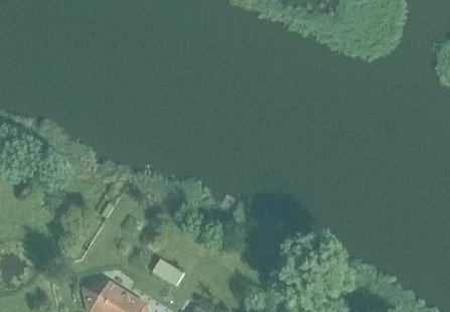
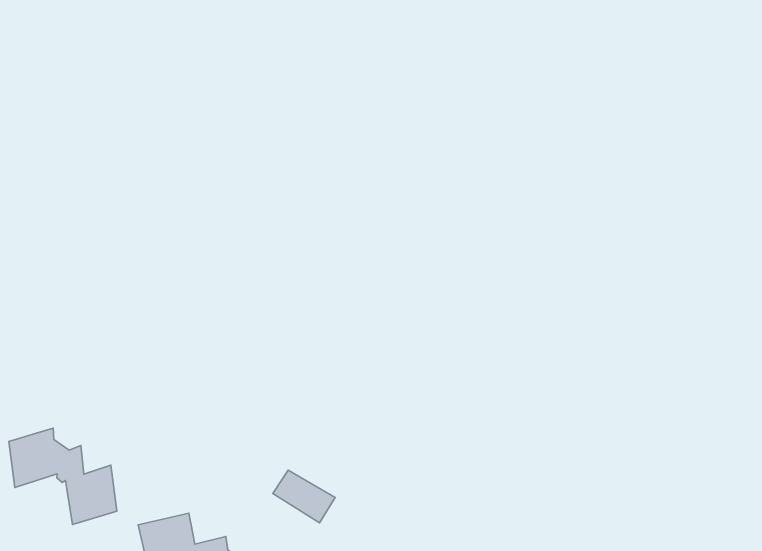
building: none -> [9,428,117,524]

